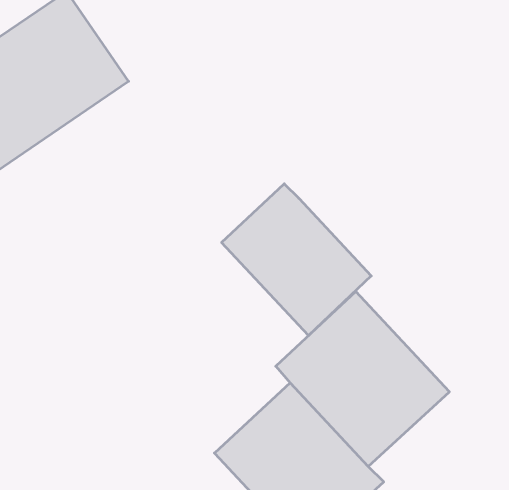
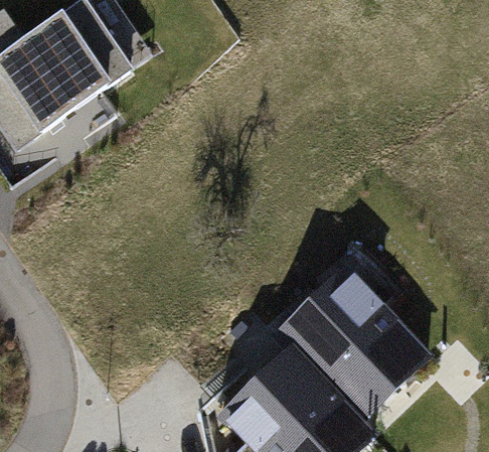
building: [222,184,371,336] -> none

